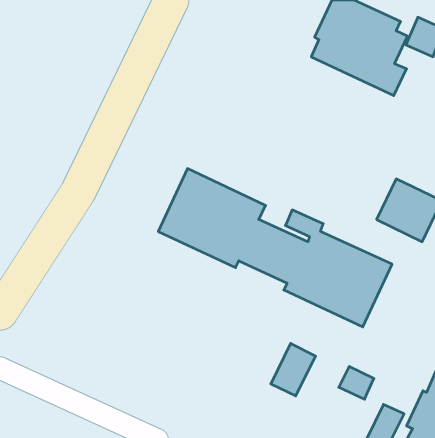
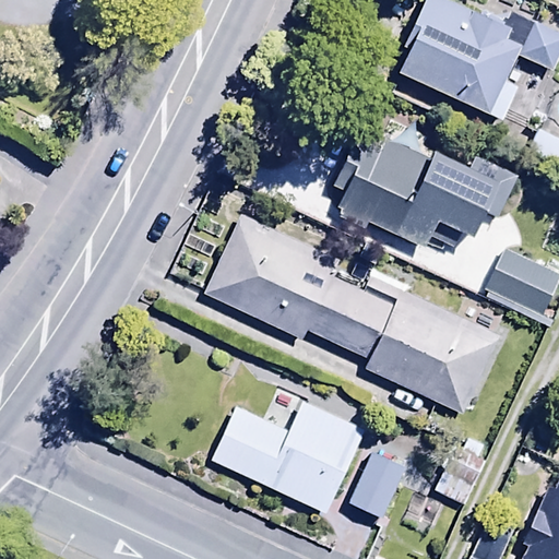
building: none -> [335,135,521,252]
building: none -> [214,383,370,498]

